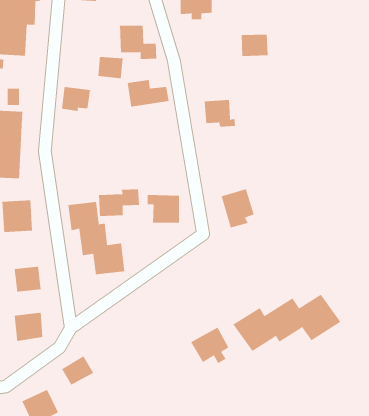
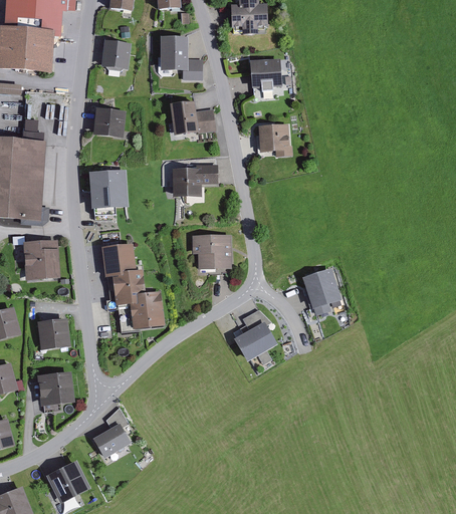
building: [241,34,268,57] -> [249,59,281,85]
building: [97,56,123,79] -> [102,41,133,67]
building: none -> [91,170,128,209]
building: [221,189,254,228] -> [302,270,341,316]
building: [98,189,140,216] -> [171,164,219,196]
building: [233,294,341,352] -> none
building: [190,327,229,364] -> [231,321,276,364]

